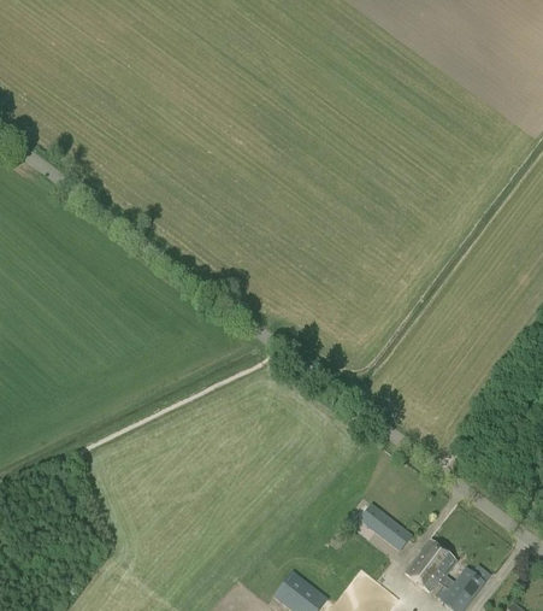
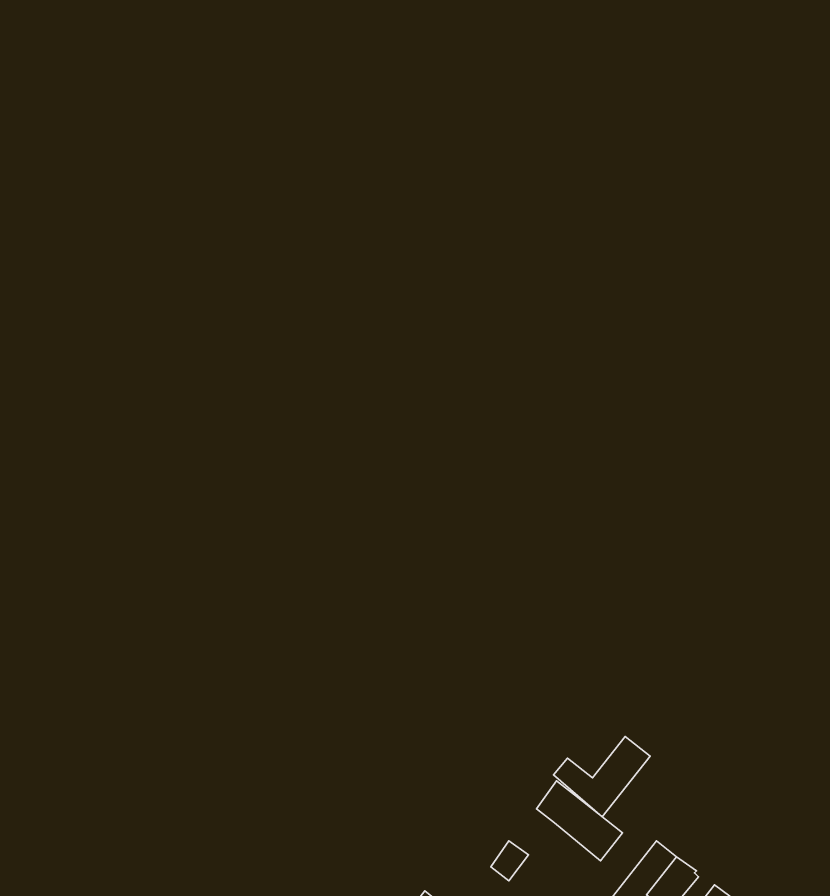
building: none -> [554,736,650,817]

